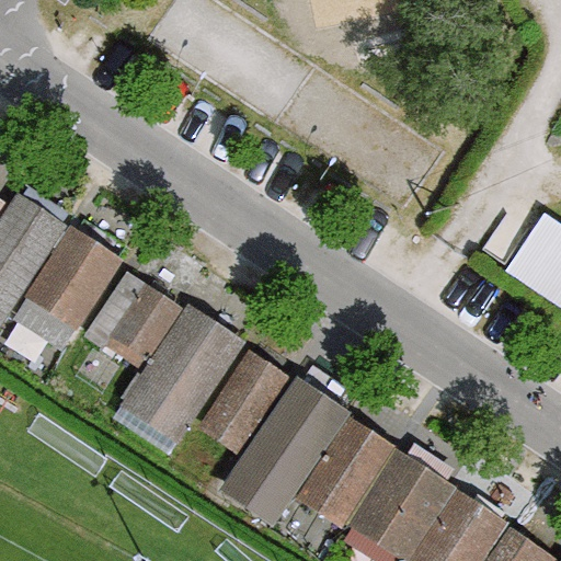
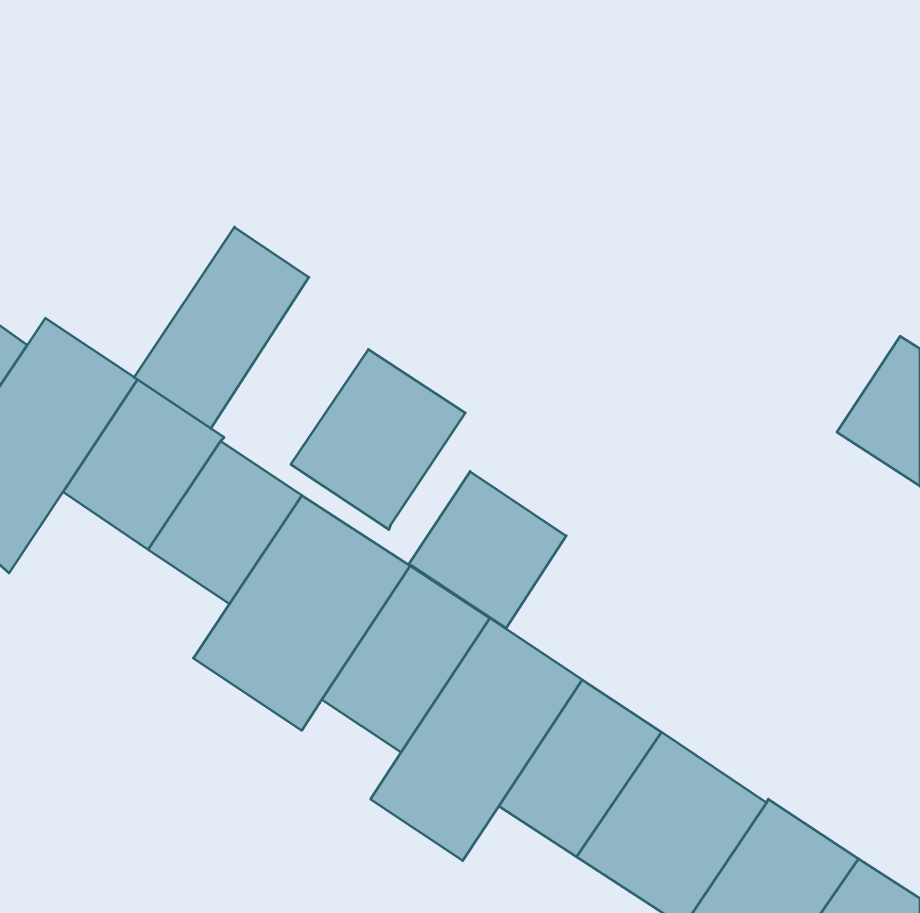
building: none -> [134,227,309,429]
building: none -> [291,349,465,530]
building: none -> [408,471,566,628]

